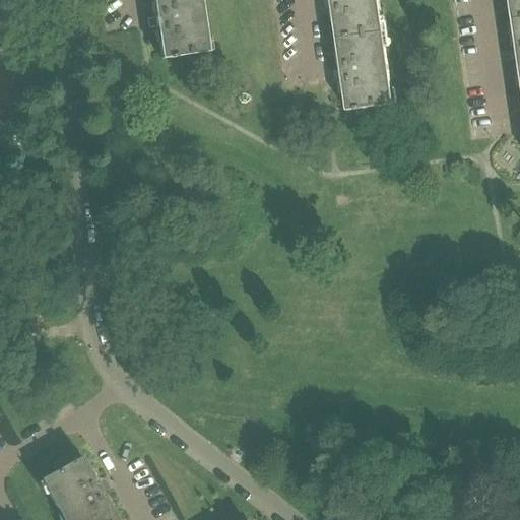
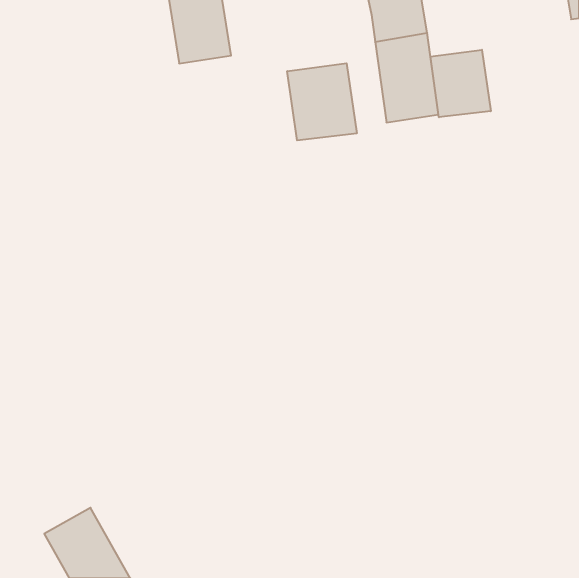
building: none -> [430,50,491,117]
building: none -> [287,63,357,140]

